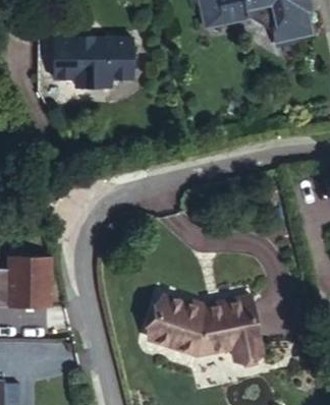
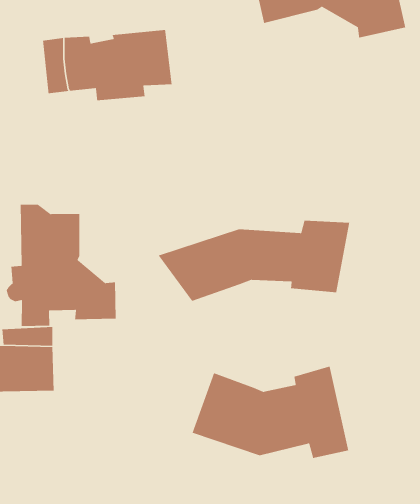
building: none -> [6,204,117,327]
building: none -> [158,220,350,302]

